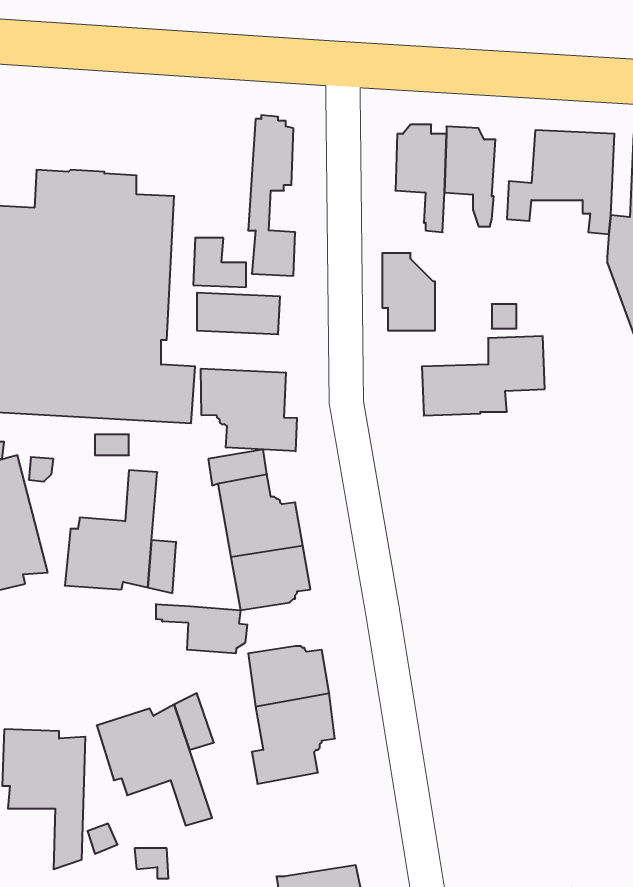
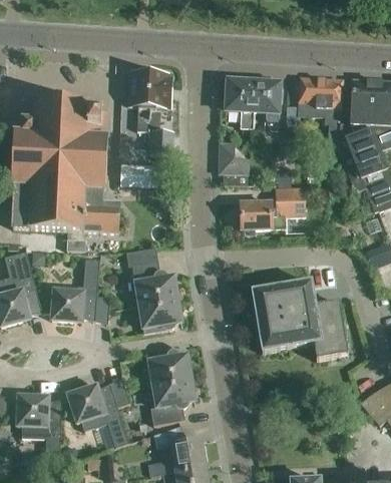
building: none -> [128,69,151,131]
building: [201,369,297,451] -> none
building: none -> [251,281,347,360]
building: [156,604,247,653] -> none
building: none -> [152,425,205,474]

